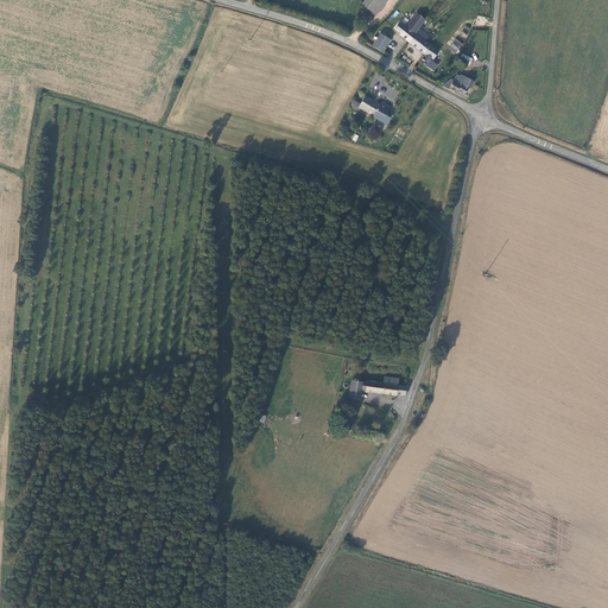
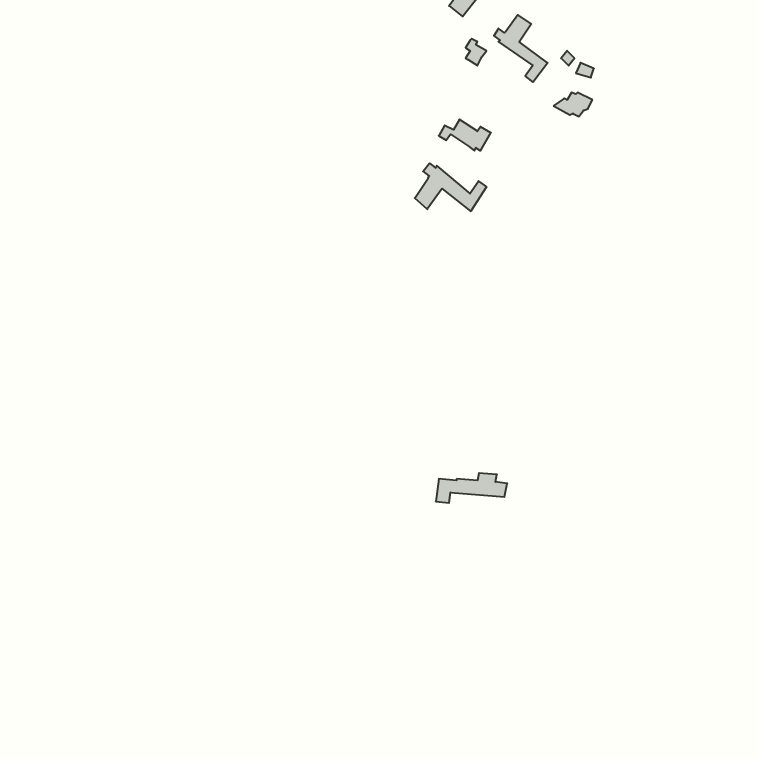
building: none -> [415,163,486,211]

